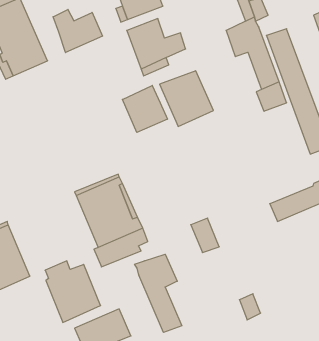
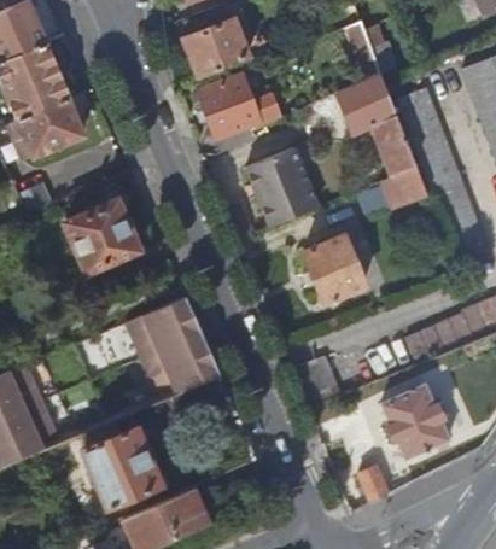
building: [53,9,103,53] -> none
building: [122,85,167,132] -> none
building: none -> [65,200,135,268]
building: none -> [303,234,362,302]
building: none -> [379,386,447,460]
building: [135,254,182,332] -> none

